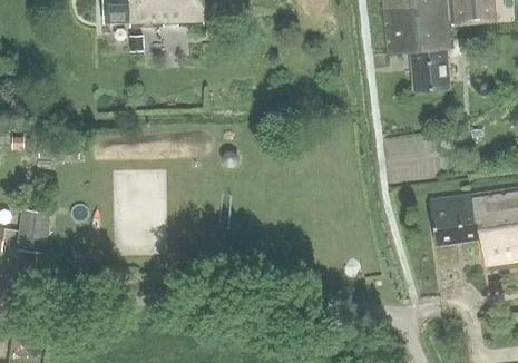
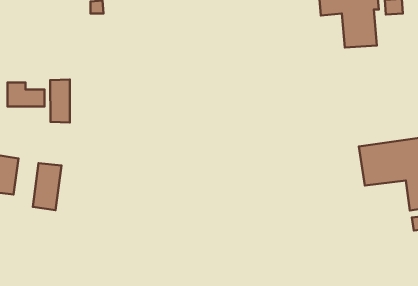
building: none -> [50,79,70,122]
building: none -> [33,163,62,210]

